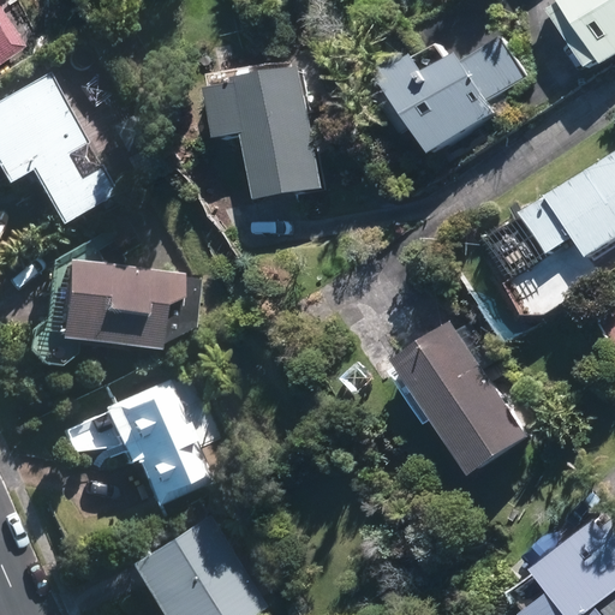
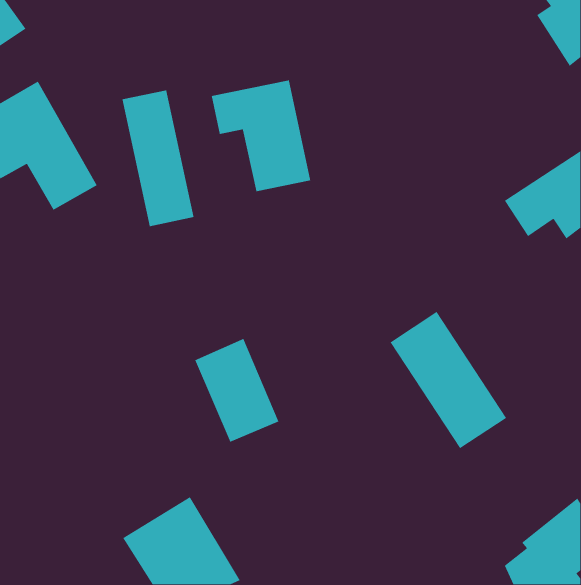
building: [390,46,523,157] -> none
building: none -> [122,89,194,227]
building: [54,261,175,344] -> none
building: [112,387,201,496] -> [194,338,280,443]

